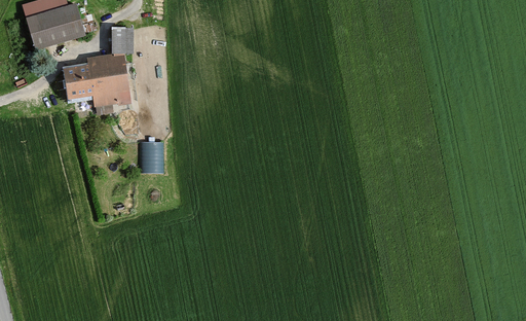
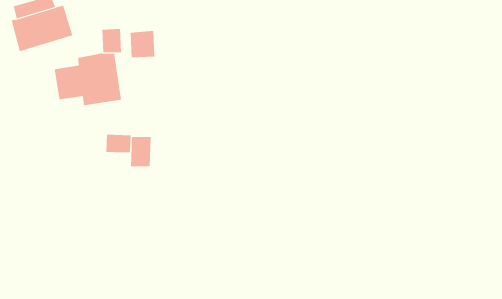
building: none -> [130,30,155,58]
building: none -> [106,134,131,153]

